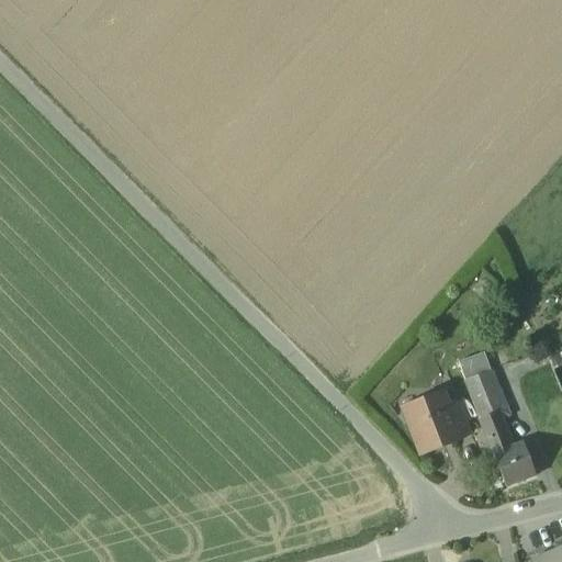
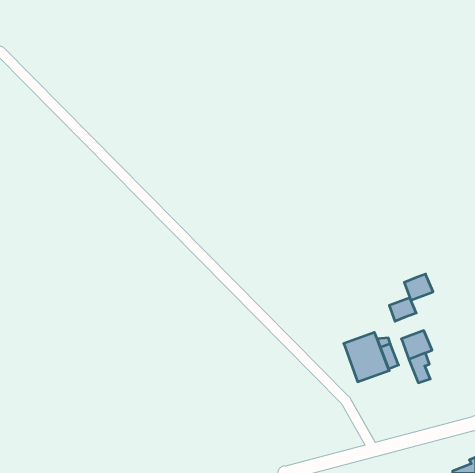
building: [467,369,501,400] -> [404,274,433,300]
building: [494,440,537,485] -> none

